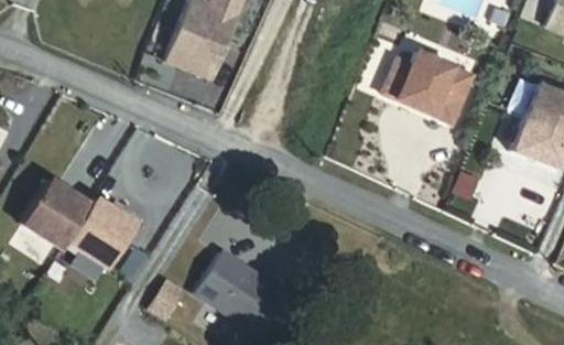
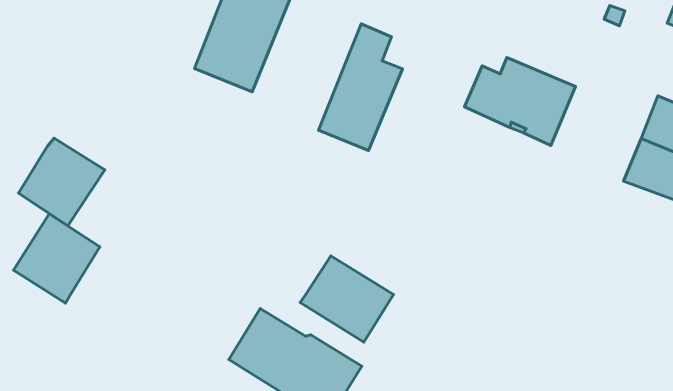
building: none -> [318,24,402,151]
building: [66,195,135,266] -> [18,138,105,226]
building: none -> [300,256,393,342]

